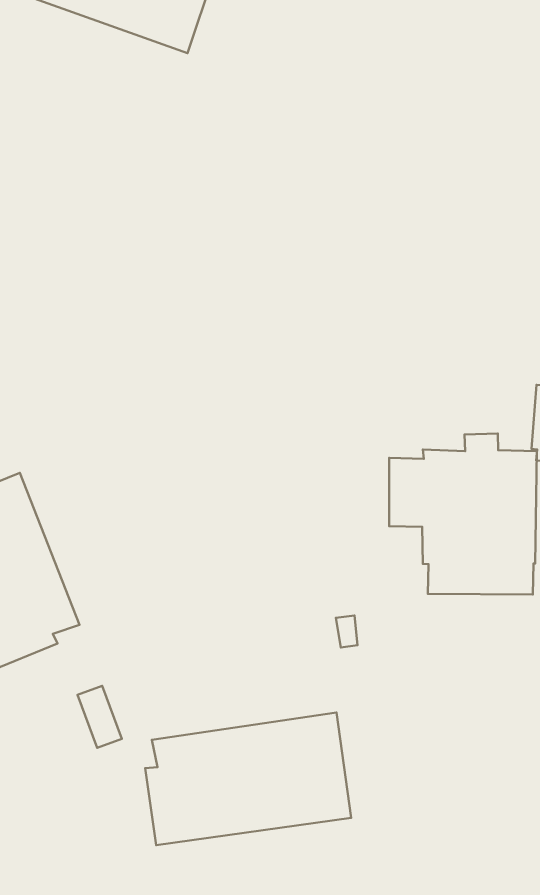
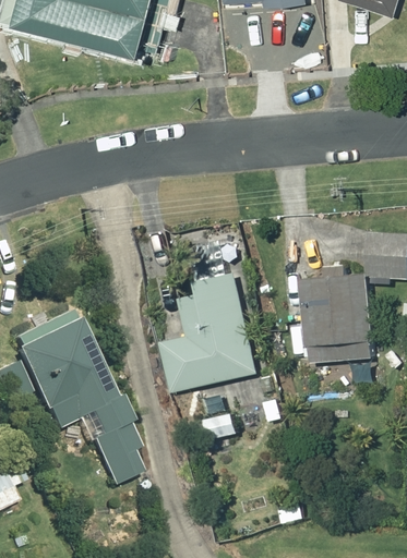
building: none -> [166,270,263,390]
building: [145,712,351,845] -> none

